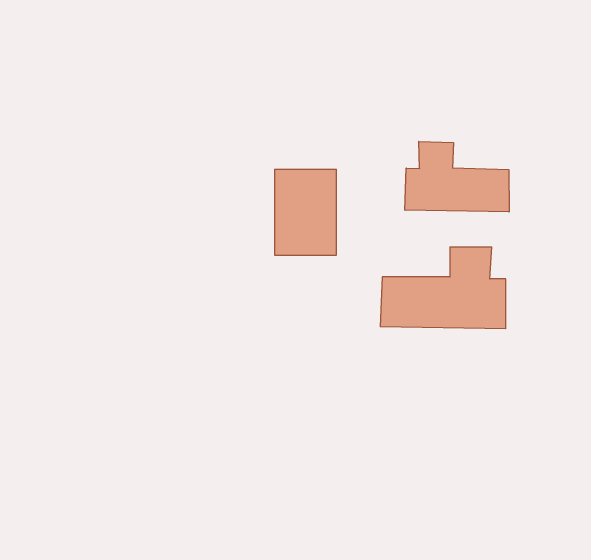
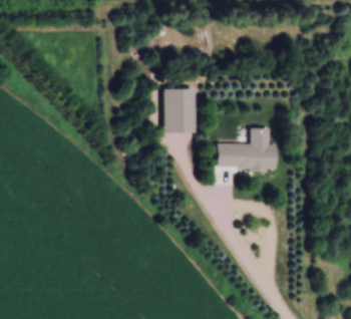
building: [405,141,509,212] -> none

